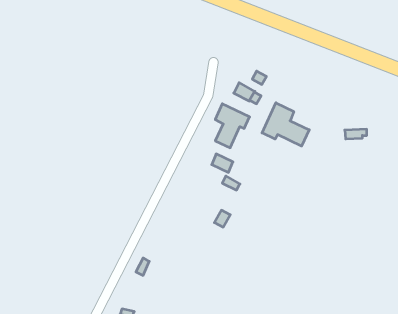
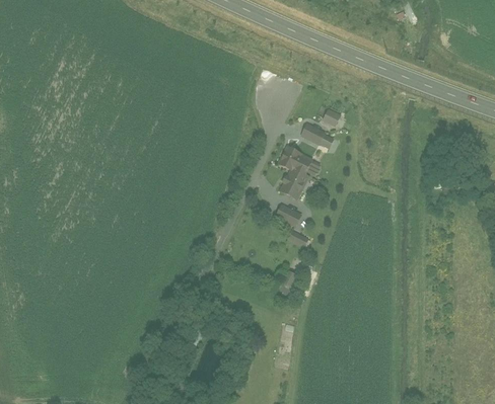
building: [262,103,309,146] -> none

